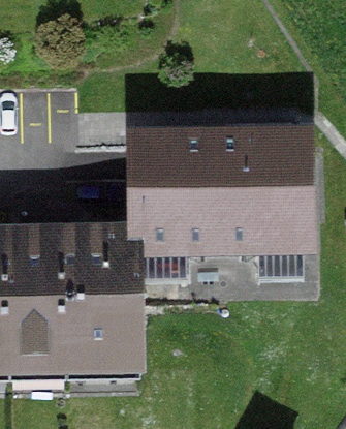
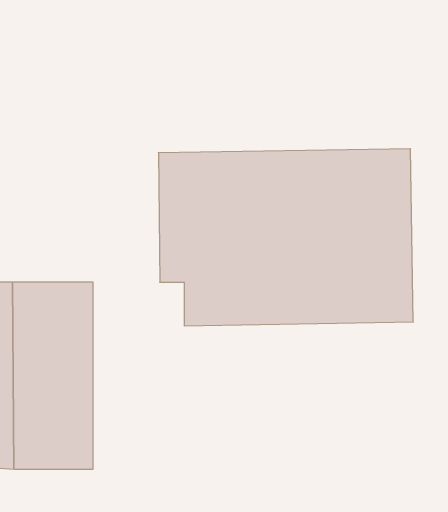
building: [72,225,141,367] -> none

